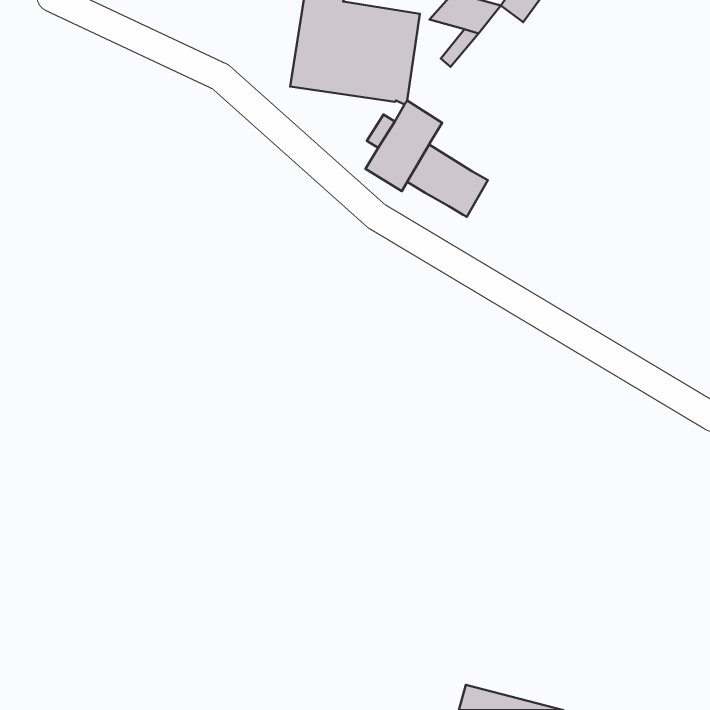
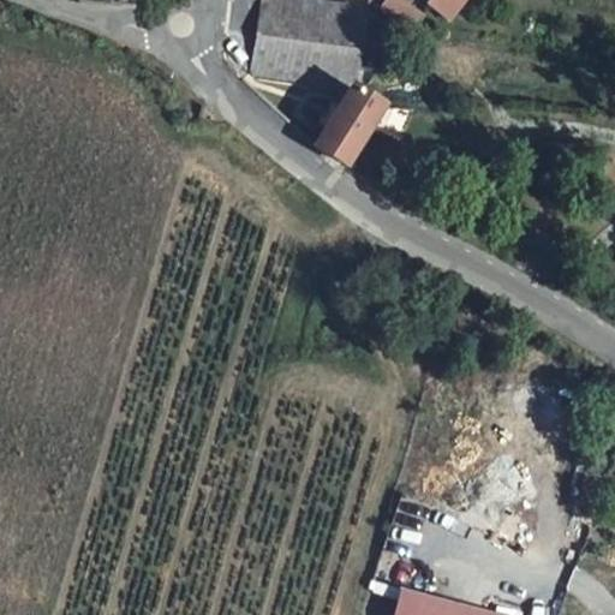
building: [407,145,488,217] -> none

